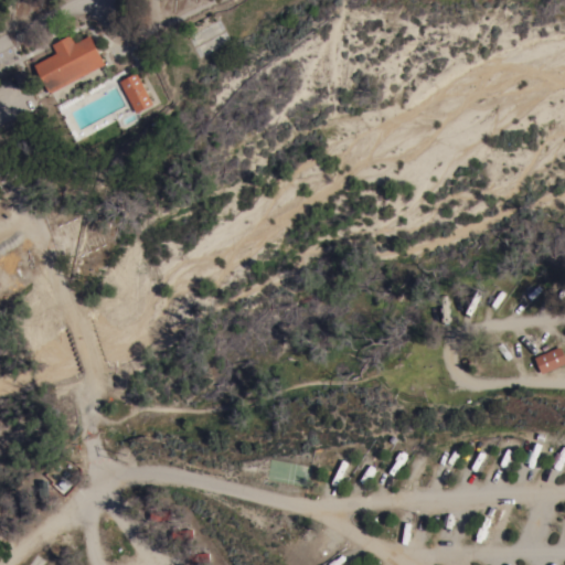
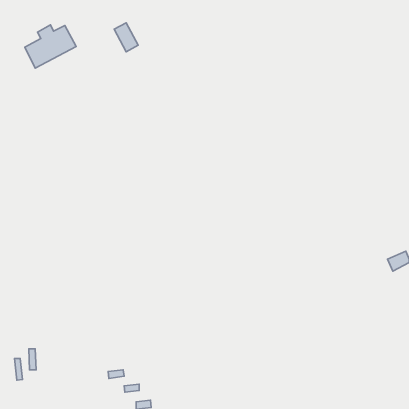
building: [119,73,152,113] -> [114,23,138,52]

